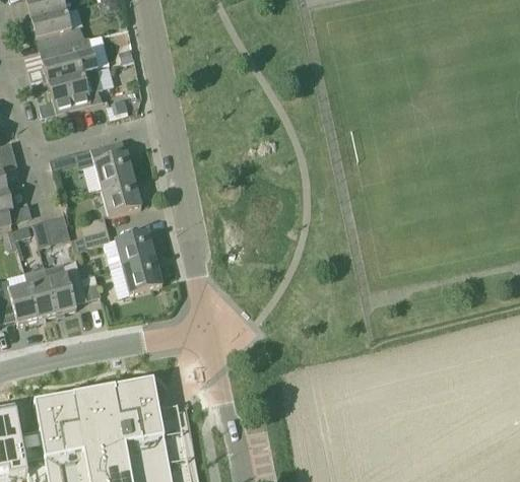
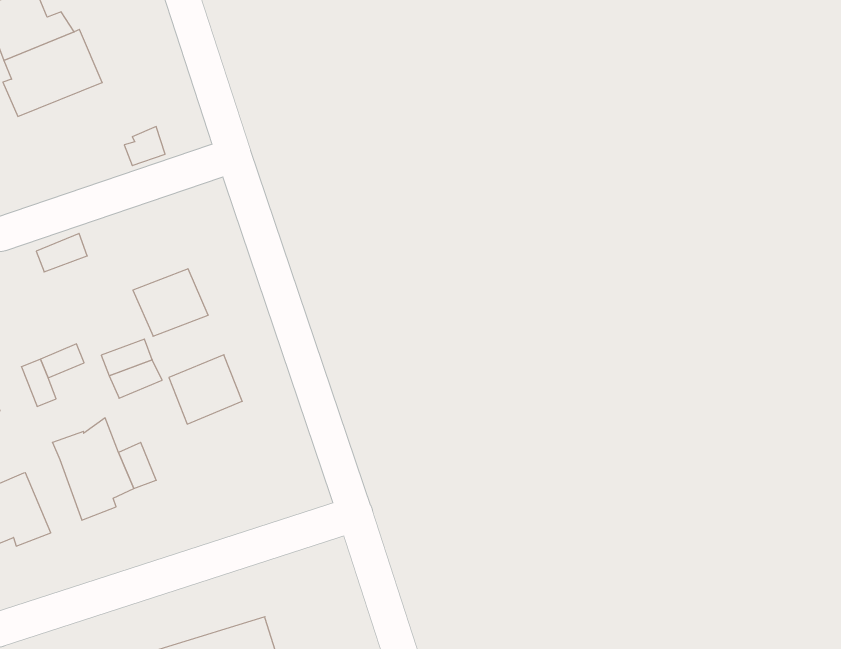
building: [48,68,103,113] -> none
building: [88,138,133,189] -> none
building: [122,257,161,293] -> none
building: [23,265,56,318] -> none

